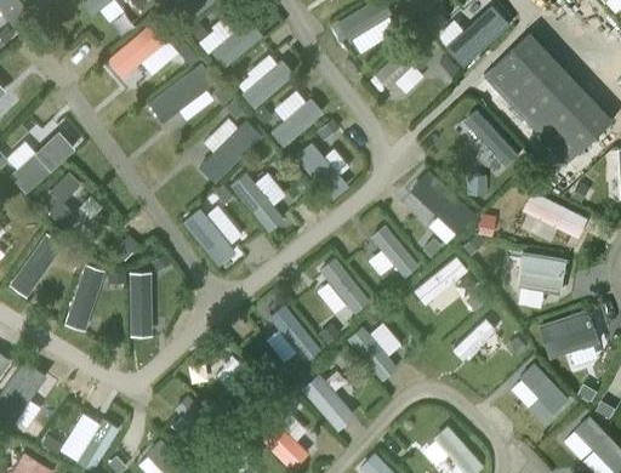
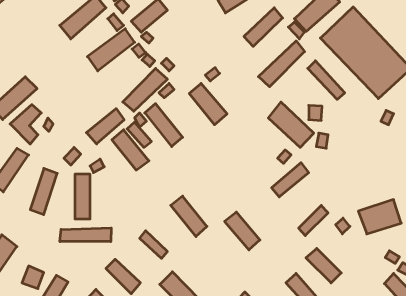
building: [241,61,294,110] -> none
building: none -> [258,41,305,87]
building: [270,98,323,148] -> none
building: none -> [86,109,124,144]
building: [522,193,587,240] -> none
building: [368,226,417,280] -> none
building: [515,253,565,296] -> none
building: [318,260,369,315] -> none
building: none -> [60,228,111,242]
building: [518,365,569,415] -> [306,248,341,283]
building: [300,375,352,433] -> none

